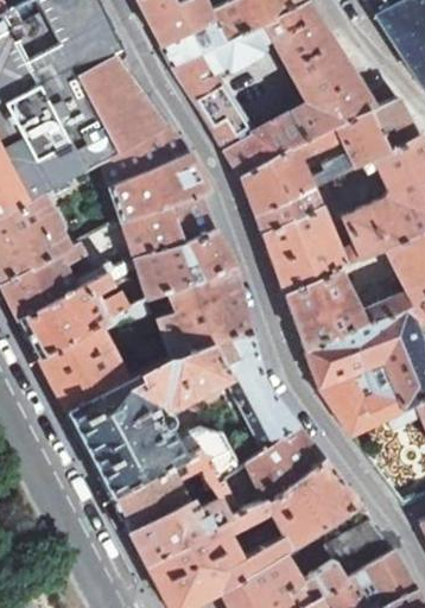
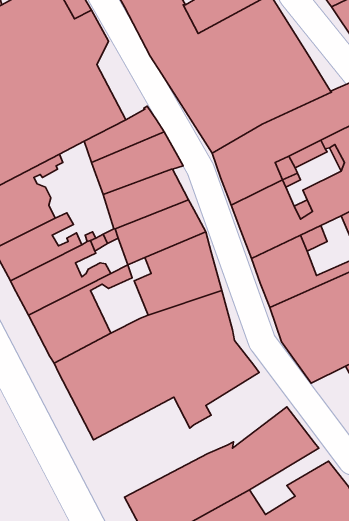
building: [114,59,167,140] -> none
building: [235,422,325,506] -> none
building: [110,449,237,560] -> none

